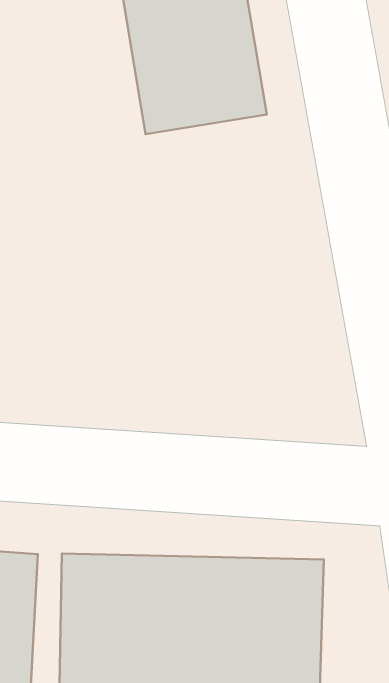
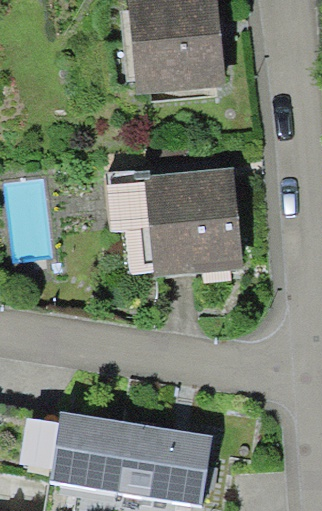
building: none -> [147,167,249,284]

